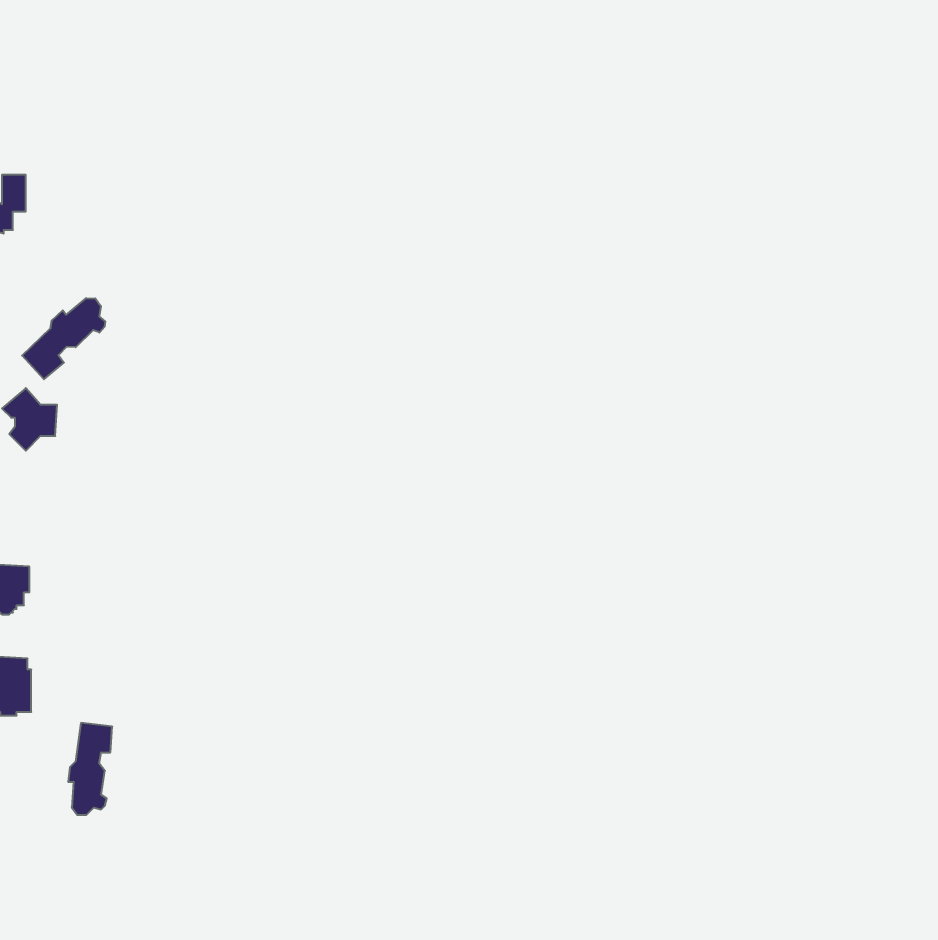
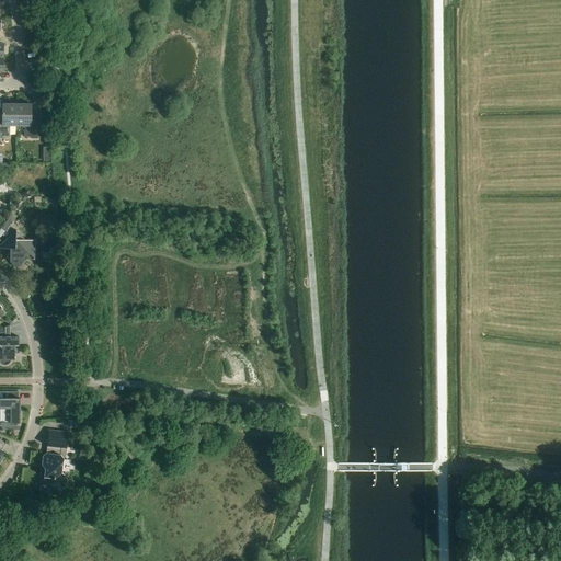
building: none -> [15,104,36,139]
building: [22,298,105,379] -> none

